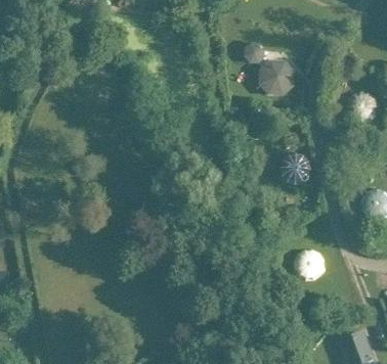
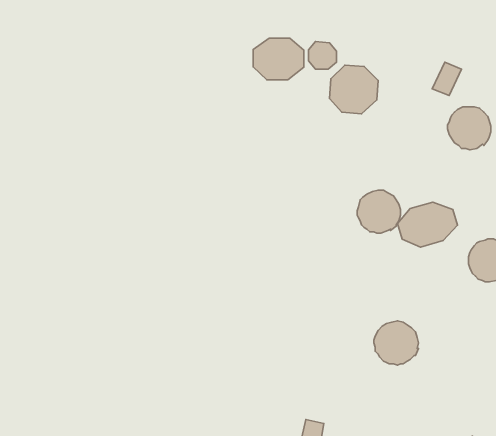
building: none -> [253,38,304,80]
building: none -> [398,202,457,247]

